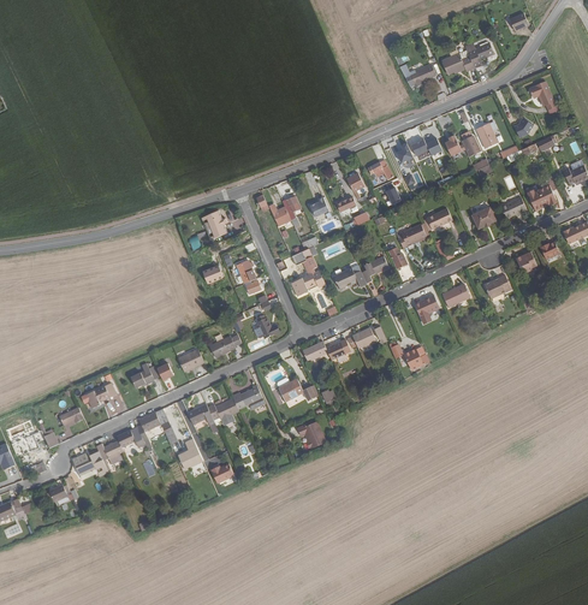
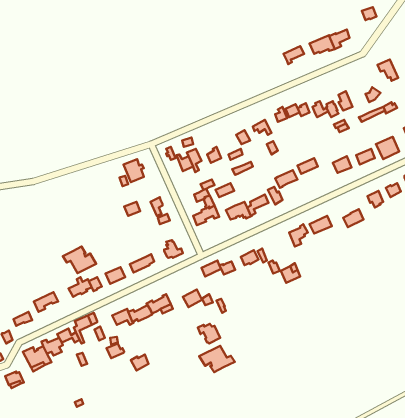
building: none -> [63,247,96,273]
building: none -> [199,346,235,372]

